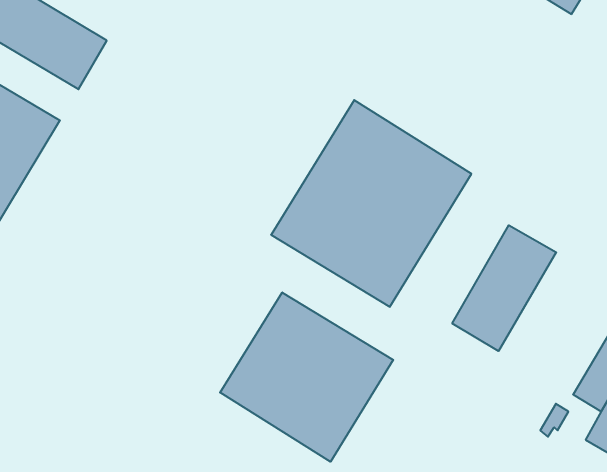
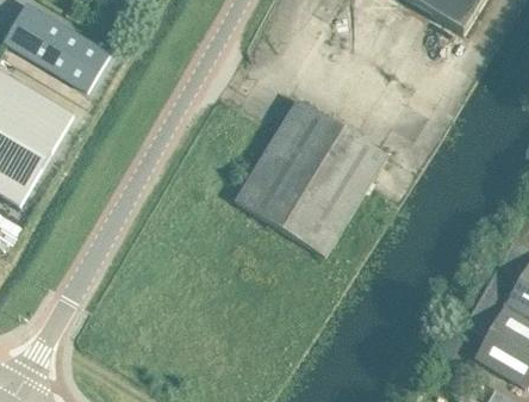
building: [452,225,556,351] -> none
building: [220,292,393,462] -> none

